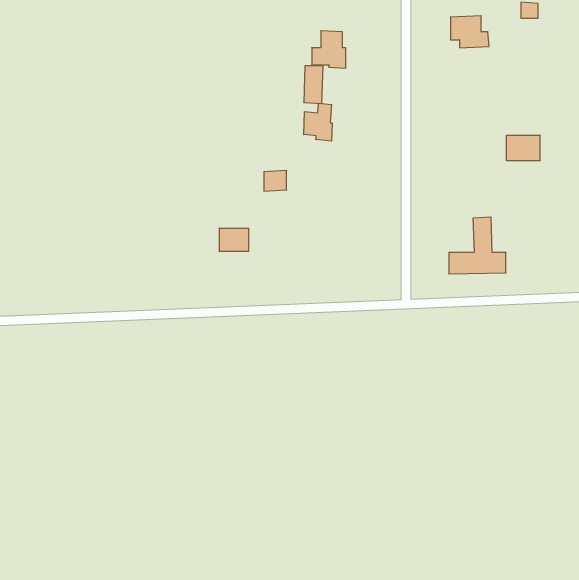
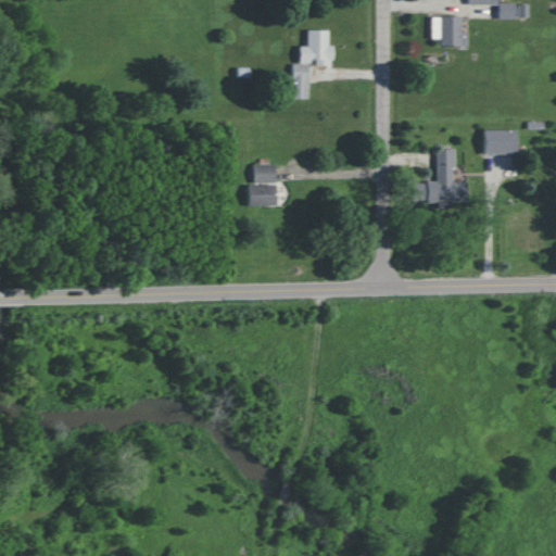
building: [304,103,332,141] -> none
building: [449,217,506,274] -> [414,149,468,203]
building: [219,228,249,251] -> [249,185,277,206]

